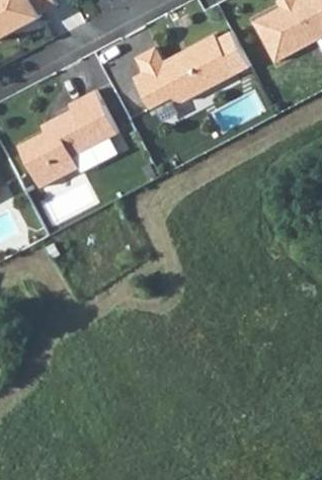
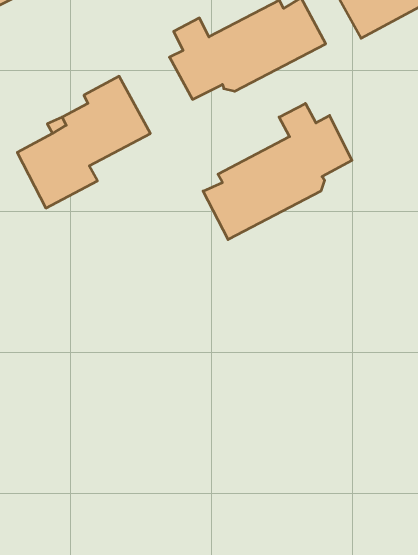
building: none -> [203,103,352,240]

